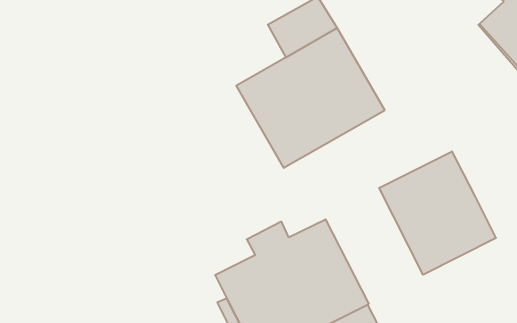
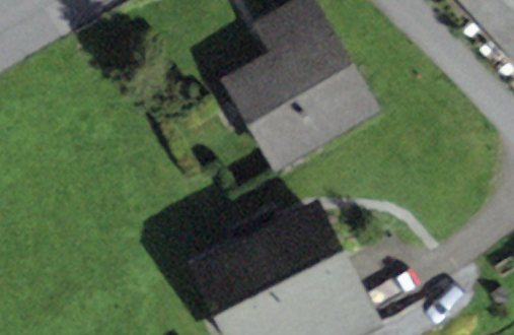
building: [379,151,496,275] -> none

